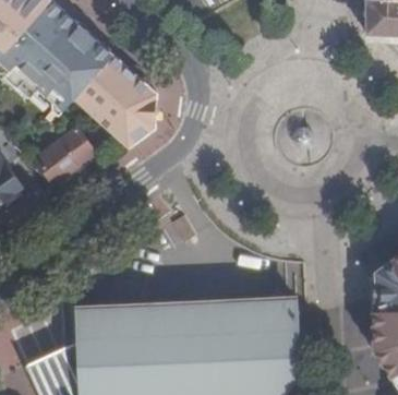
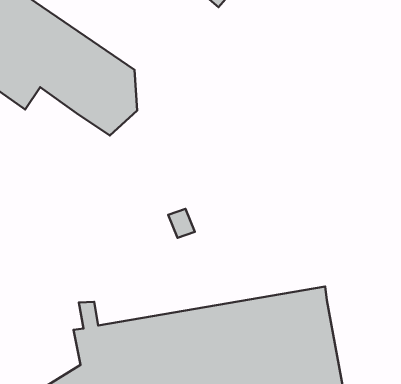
building: [36,129,94,182] -> none

